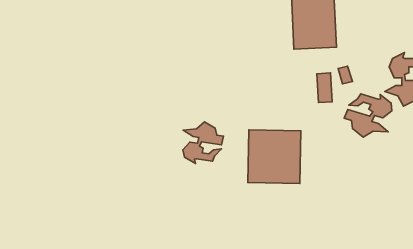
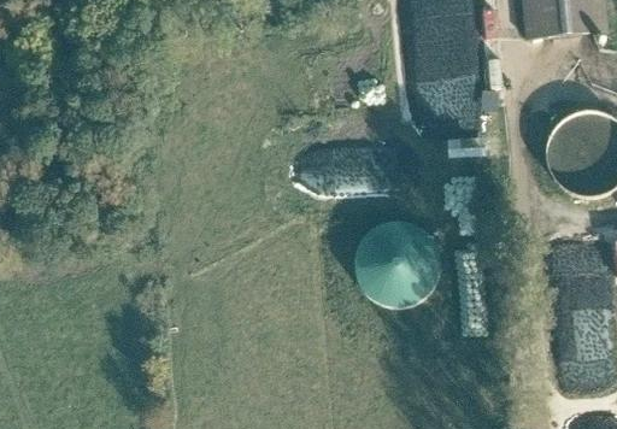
building: [344,94,392,137] -> none
building: [183,122,224,164] -> none

